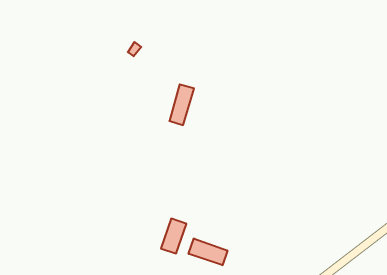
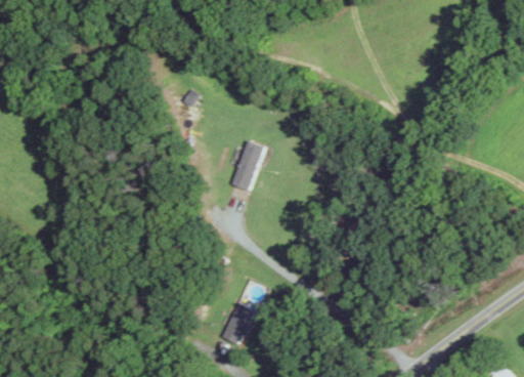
building: [189,238,227,265] -> none

